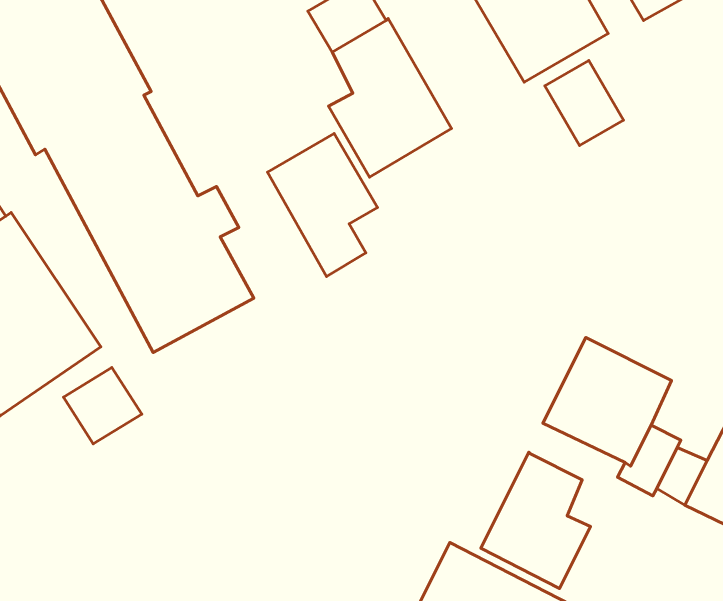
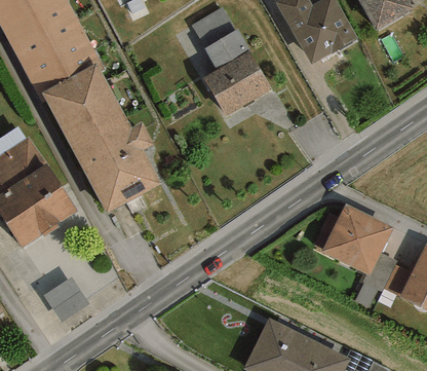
building: [545,61,623,145] -> none
building: [267,134,377,276] -> none
building: [63,367,142,444] -> [44,279,87,321]
building: [481,452,590,588] -> none

